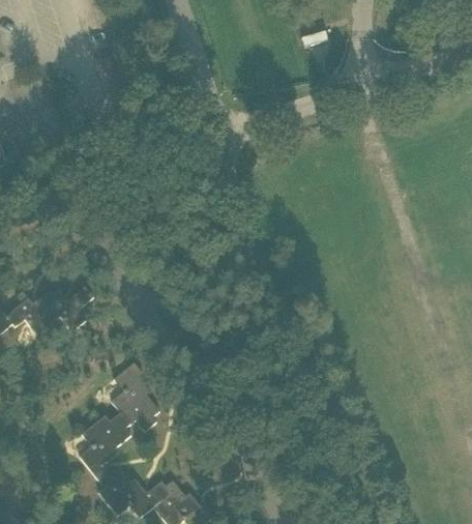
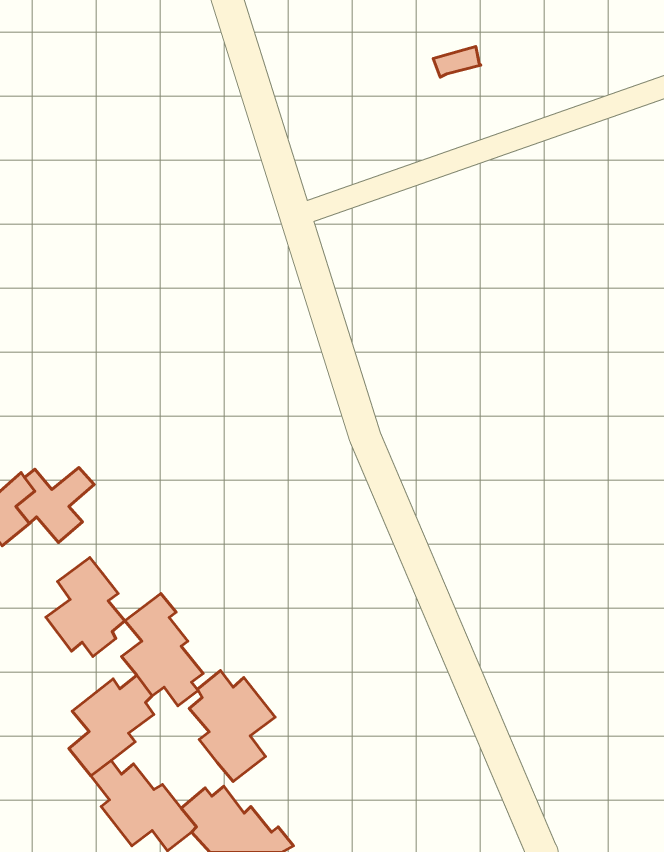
building: none -> [46,558,125,656]
building: none -> [189,670,275,781]

